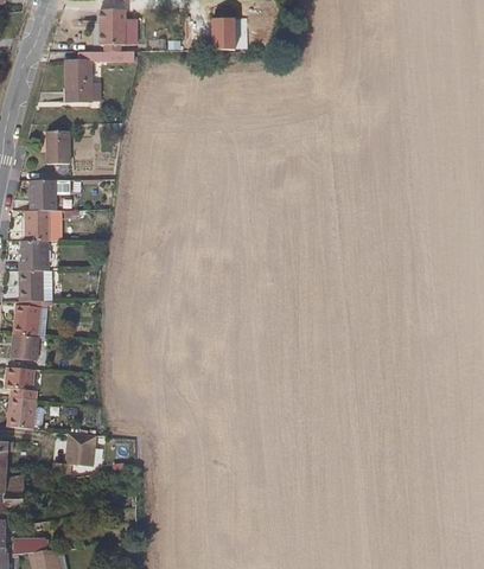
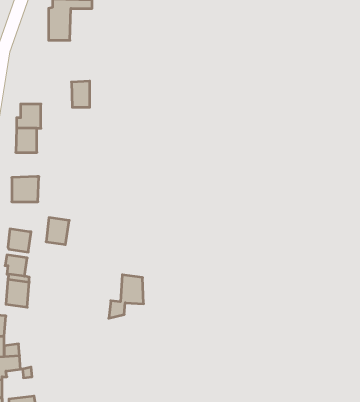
building: [44,130,66,162] -> [71,81,90,107]
building: [18,238,49,269] -> none
building: [15,302,44,335] -> [46,218,69,245]
building: [53,433,96,486] -> [109,275,144,318]

